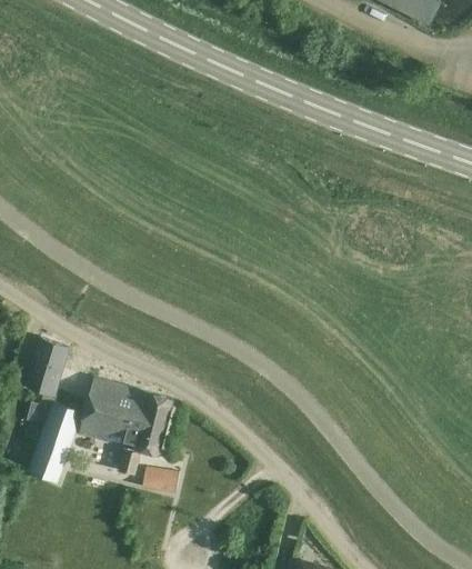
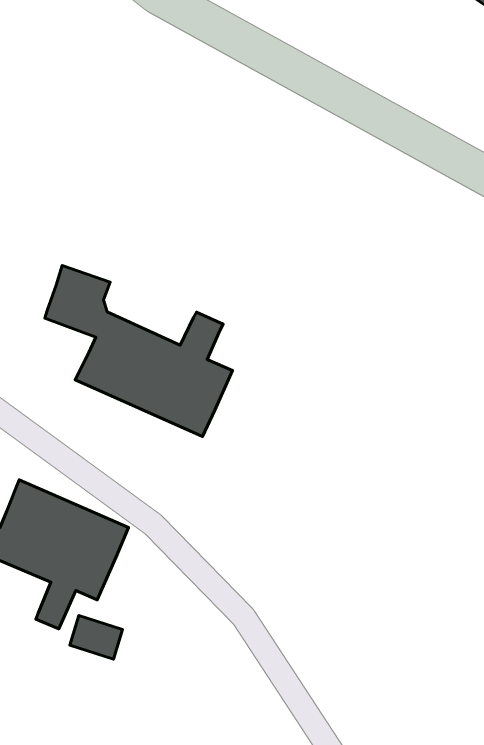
building: none -> [45,265,232,436]

